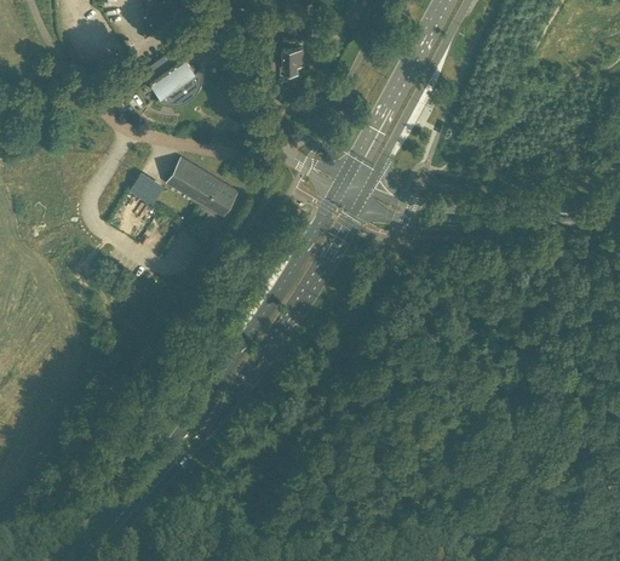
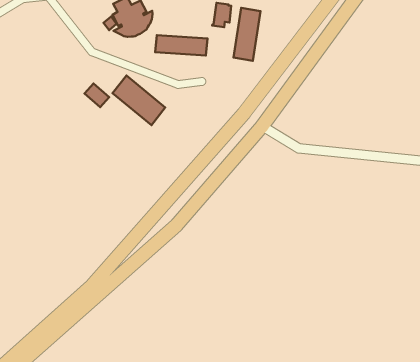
building: none -> [234,8,261,61]
building: none -> [155,35,208,55]

